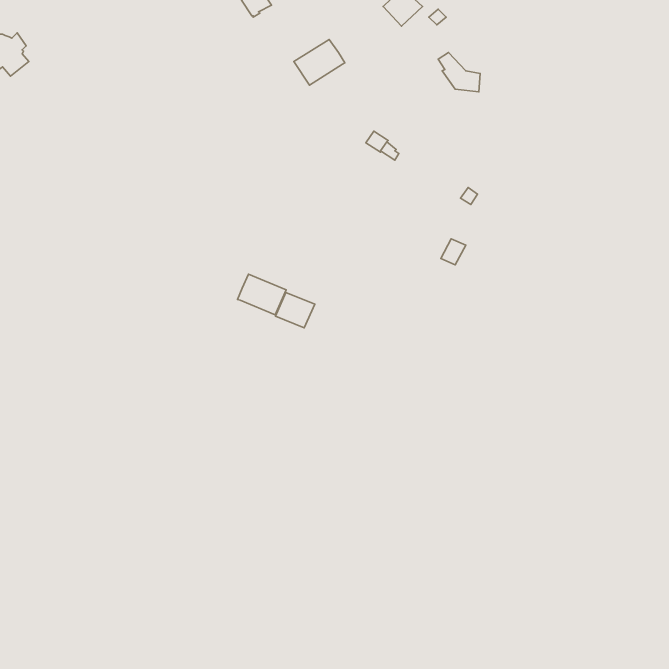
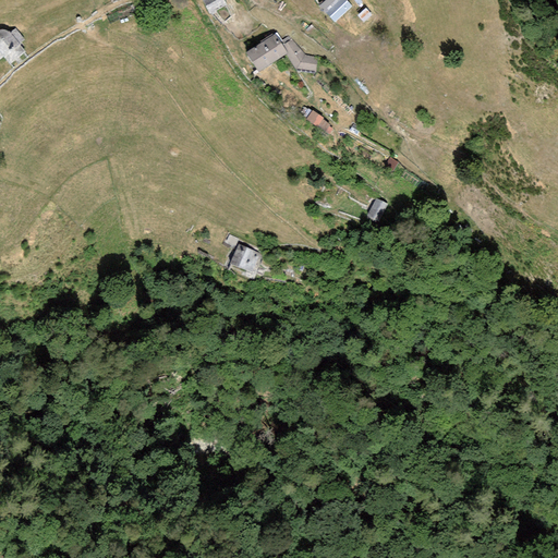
building: [438,53,480,92] -> [281,38,316,71]
building: [238,274,286,315] -> none

